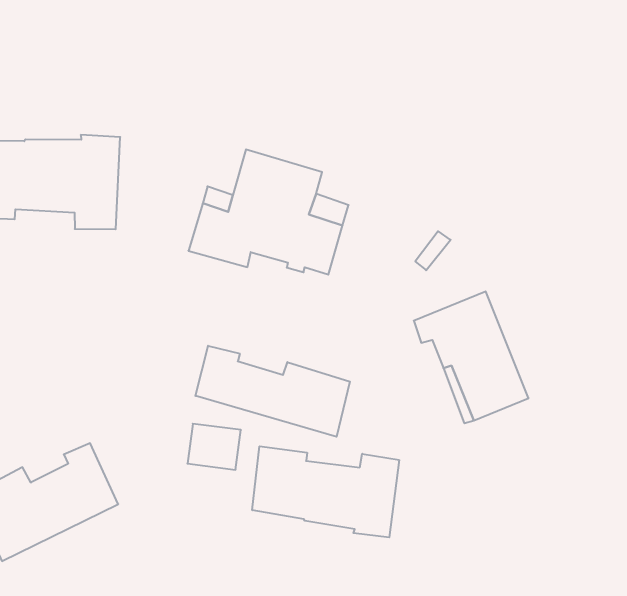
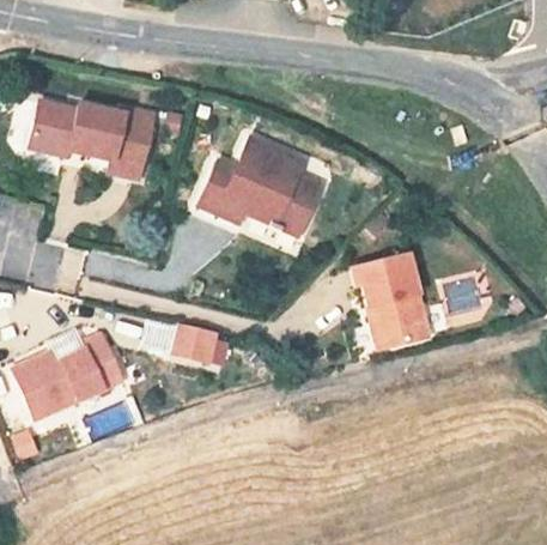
building: [195,346,350,437] -> none
building: [252,446,399,537] -> none

